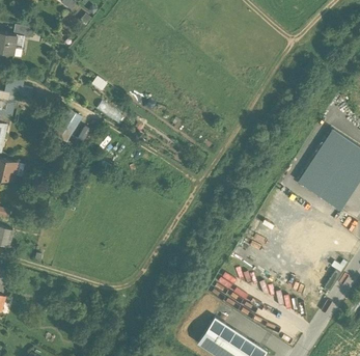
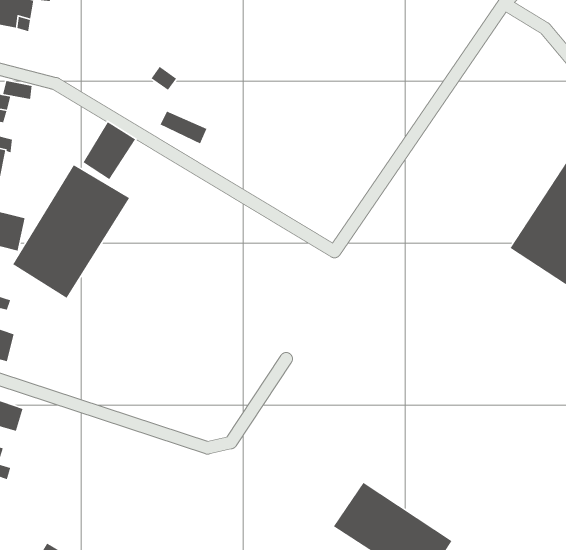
building: none -> [12,164,130,299]

